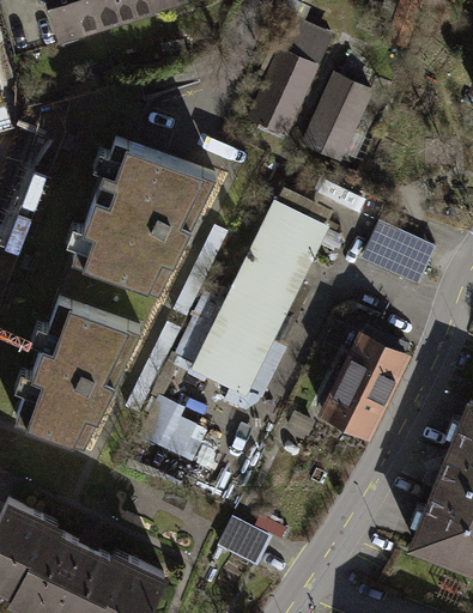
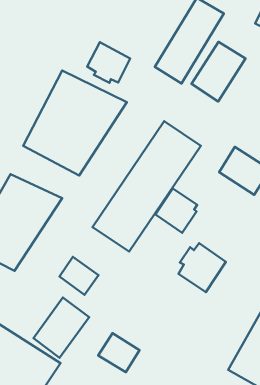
building: none -> [87,42,130,83]
building: [346,329,405,392] -> [155,189,197,233]
building: none -> [33,297,89,358]

